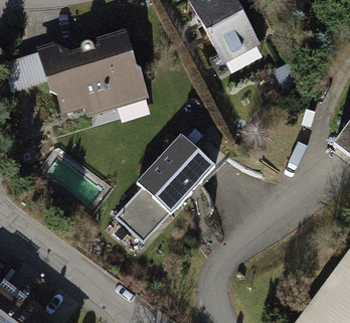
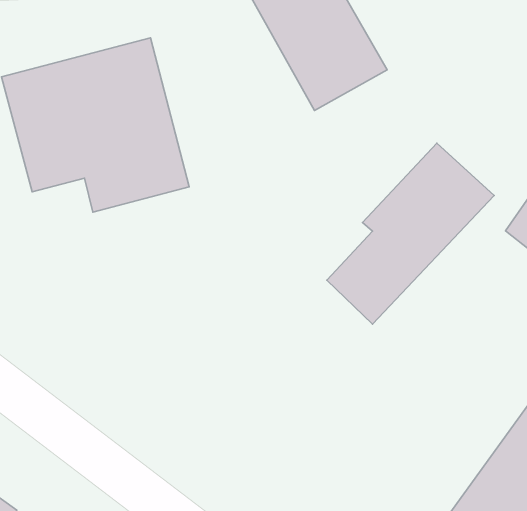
building: [117,132,216,239] -> [327,143,494,324]

